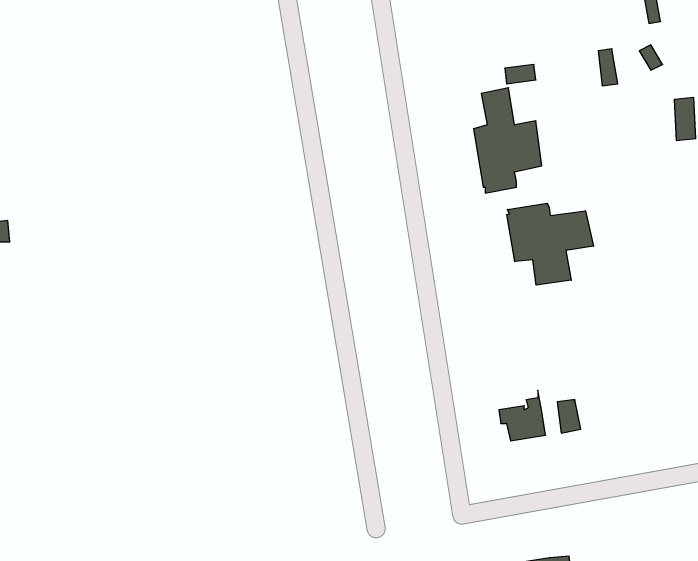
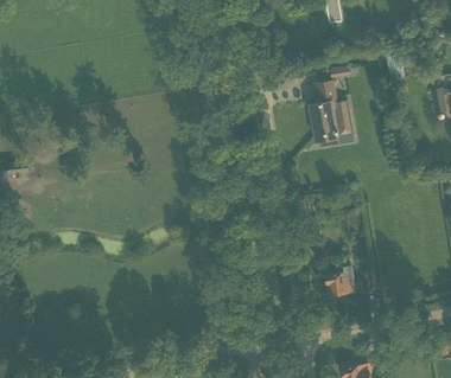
building: [507,203,593,285] -> none

